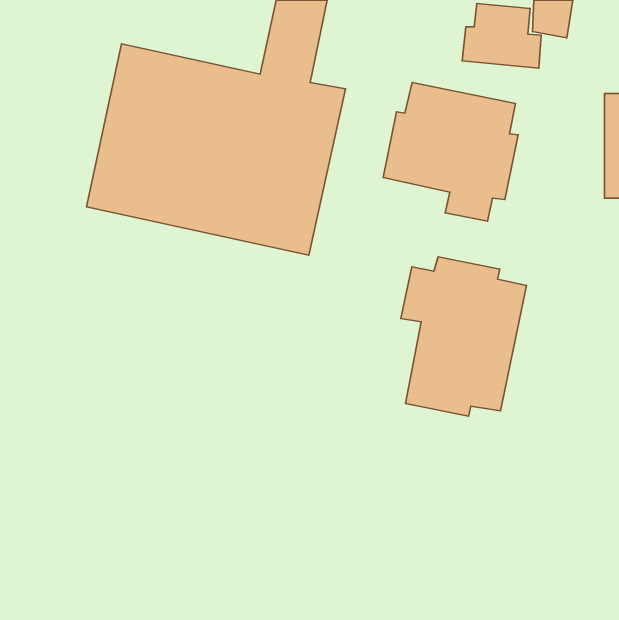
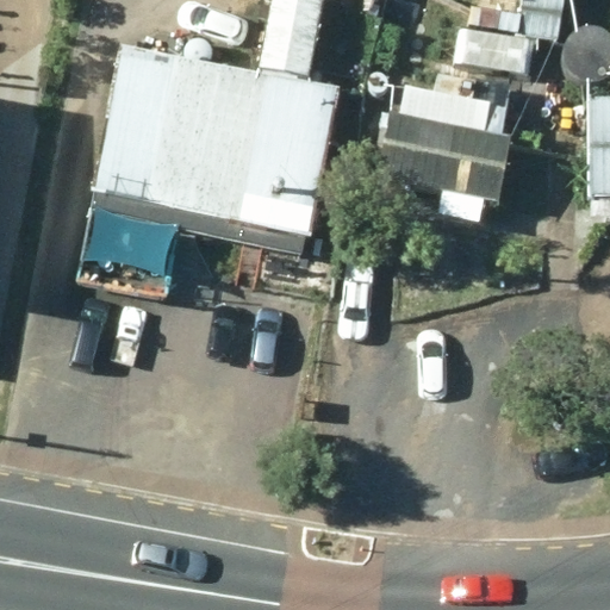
building: [401,257,526,416] -> none

